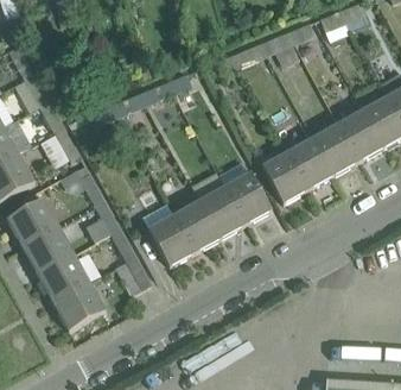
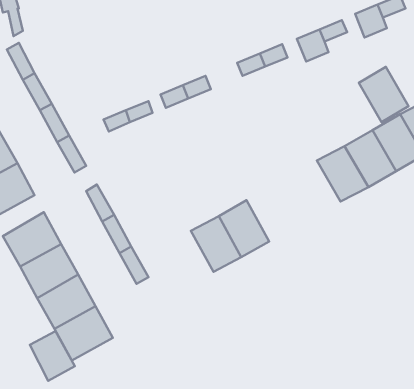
building: none -> [359,67,409,122]
building: [262,150,308,201] -> none
building: [224,171,270,222] -> none
building: [148,213,195,264] -> none
building: [114,254,152,295] -> none
building: none -> [30,331,75,381]

